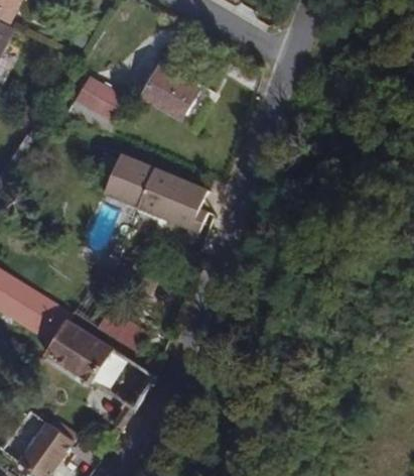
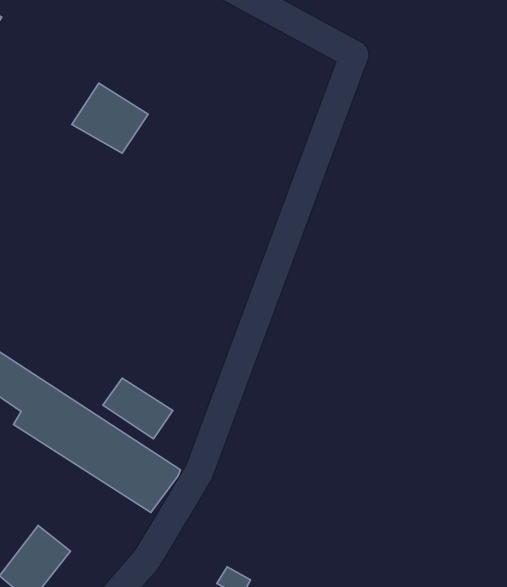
building: [146,69,202,114] -> none
building: [99,147,211,234] -> none

